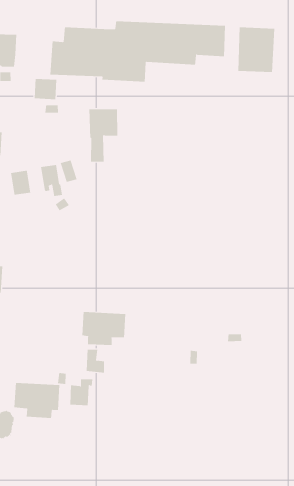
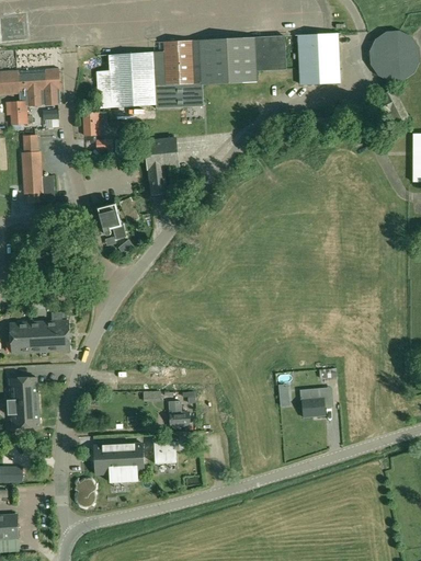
building: [10,170,31,196] -> none
building: [82,311,126,346] -> none
building: none -> [300,387,332,417]

